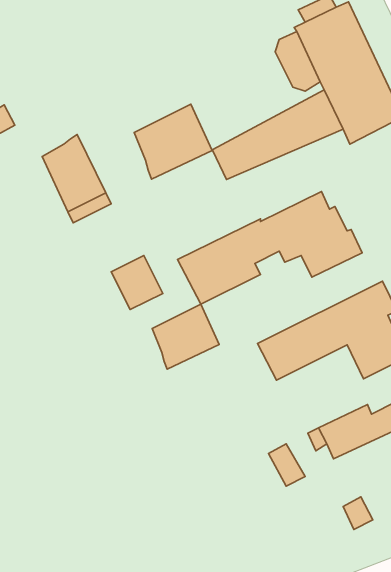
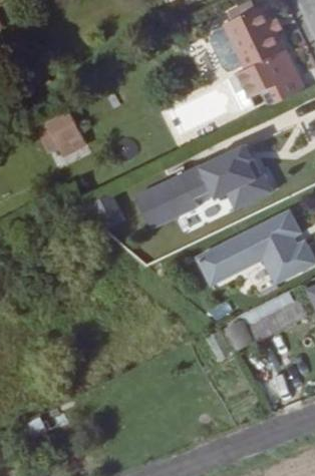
building: [134,104,212,179] -> none
building: [152,304,219,369] -> none

